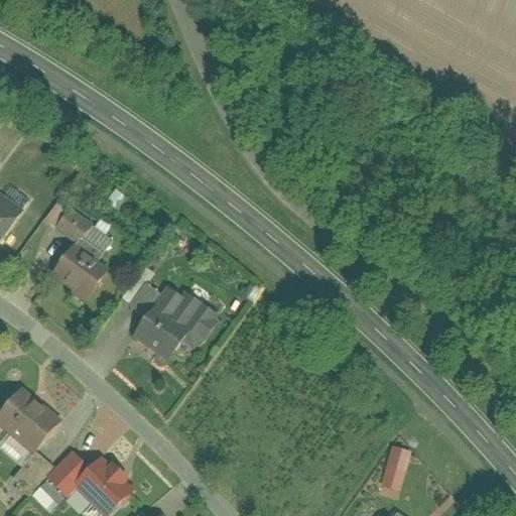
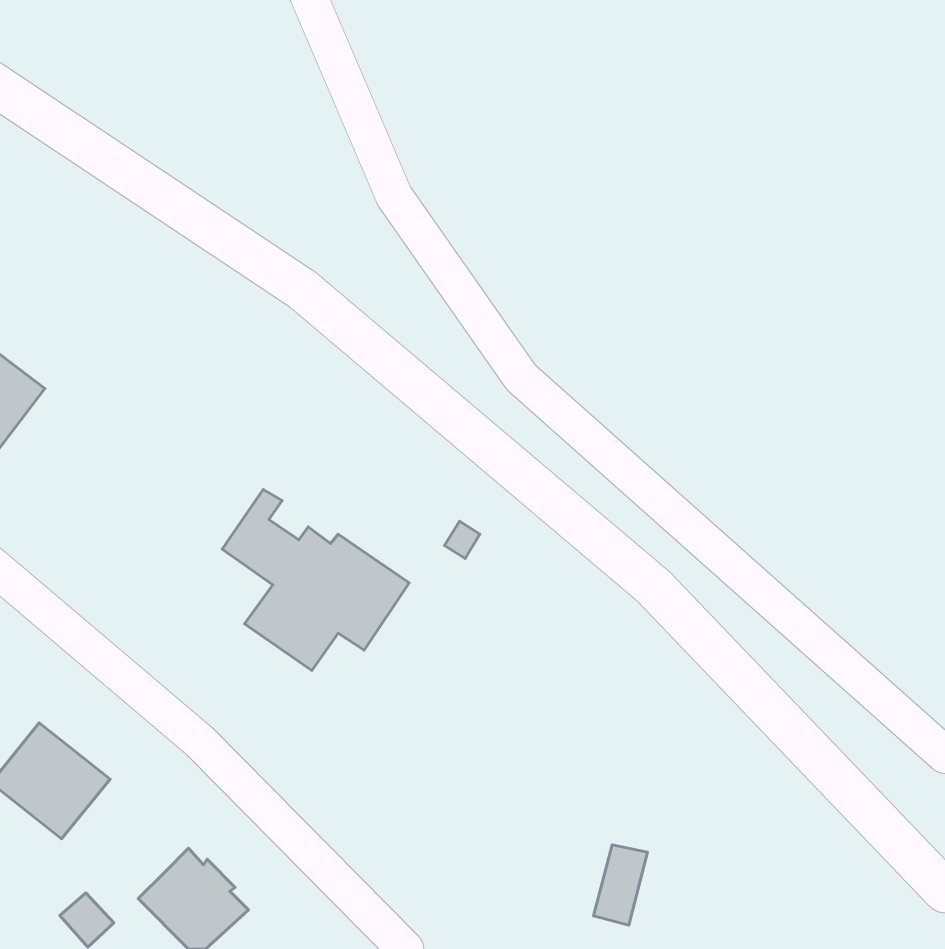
building: [44,200,113,299] -> none
building: [380,445,409,489] -> [593,845,648,925]
building: [46,453,89,495] -> none

